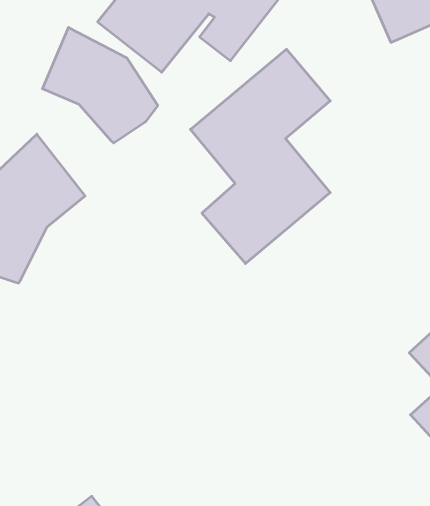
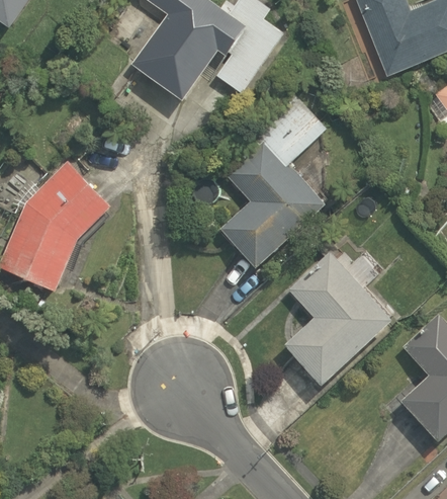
building: [42,27,158,143] -> none
building: none -> [286,249,399,385]

